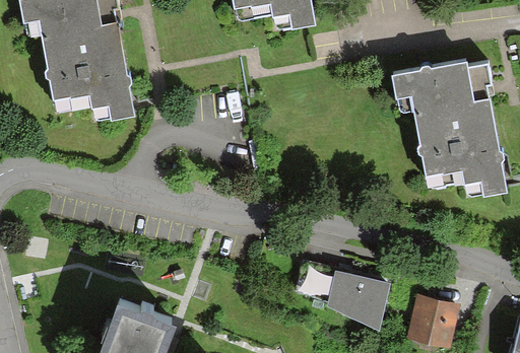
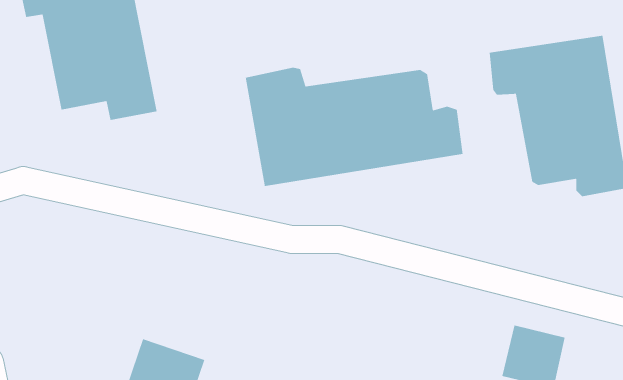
building: none -> [245,67,463,187]
building: [289,263,385,329] -> none

